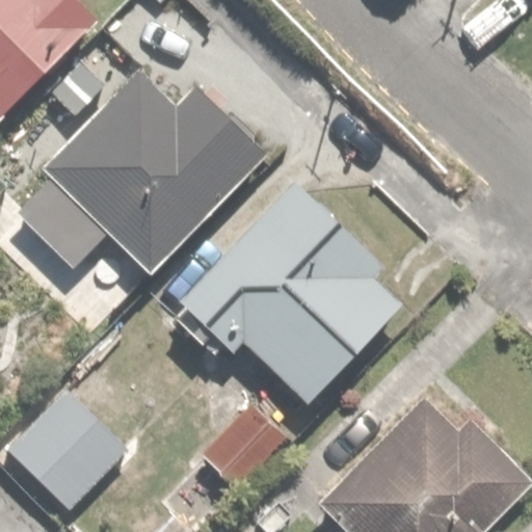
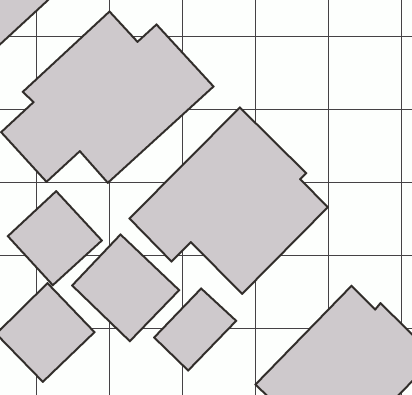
building: none -> [8,191,102,285]
building: none -> [72,234,179,341]

